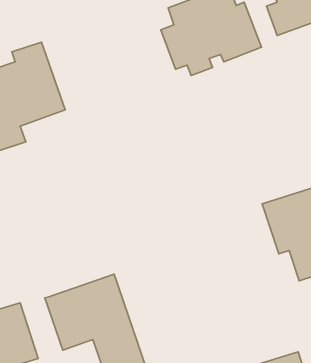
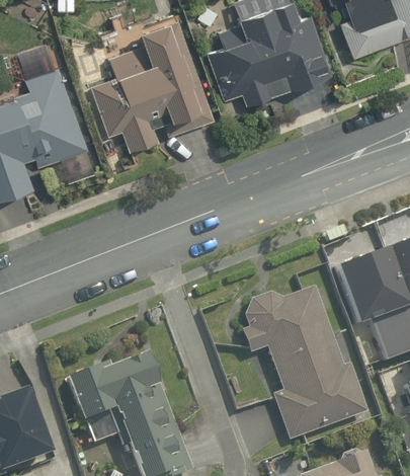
building: none -> [87,18,212,152]
building: none -> [241,282,368,443]

